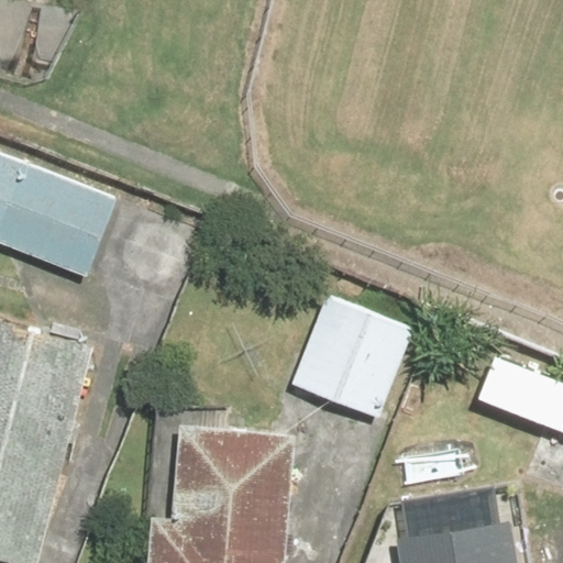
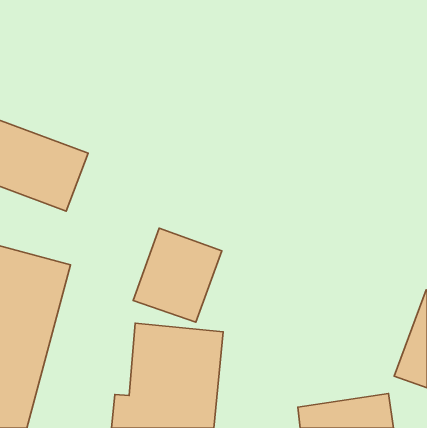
building: [295,296,411,419] -> [133,228,222,322]

